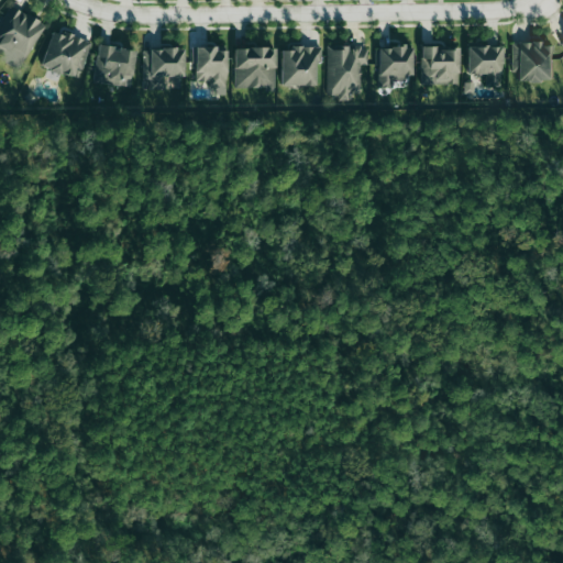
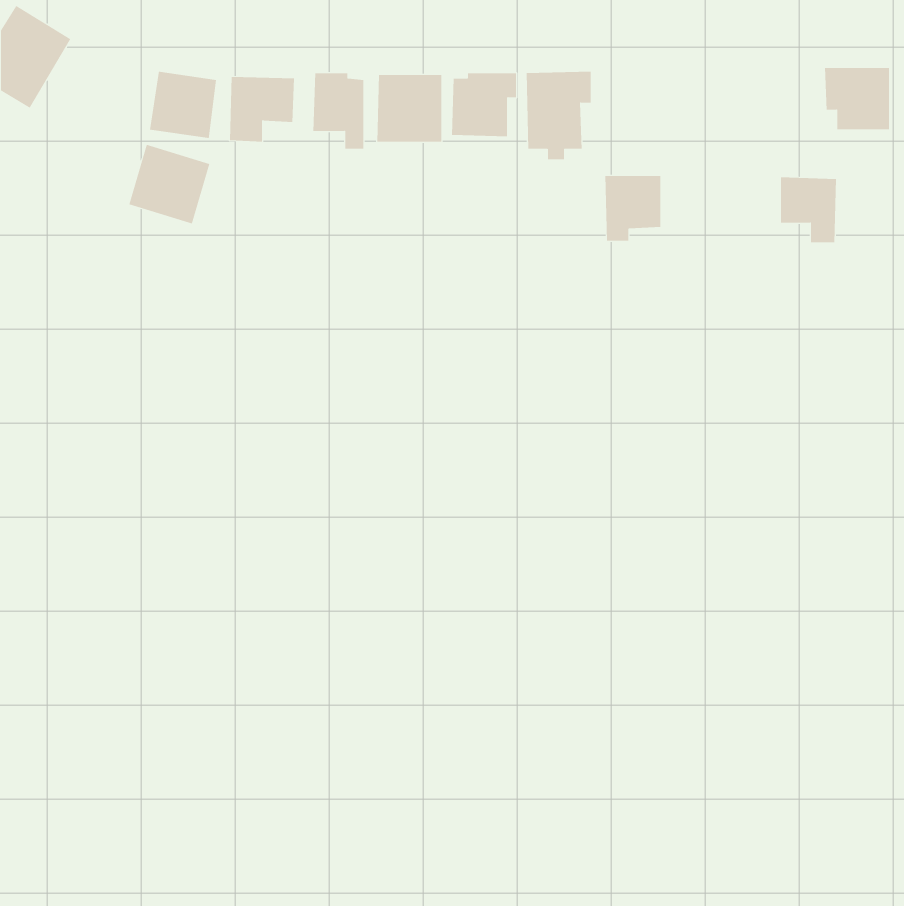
building: [42,29,92,78] -> [129,144,210,224]
building: [468,44,504,85] -> [780,177,837,243]
building: [378,45,413,86] -> [604,176,661,241]
building: [421,45,460,82] -> none

